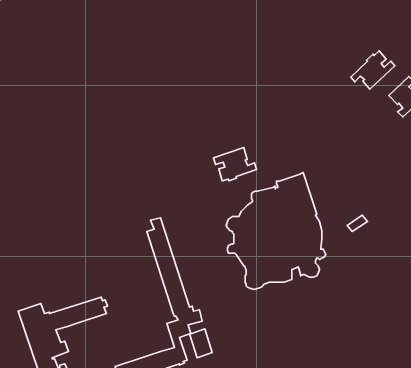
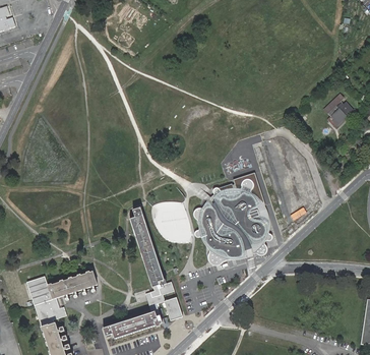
building: [351,51,395,89] -> none
building: [213,148,257,181] -> none

